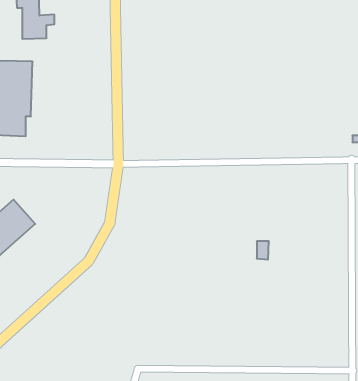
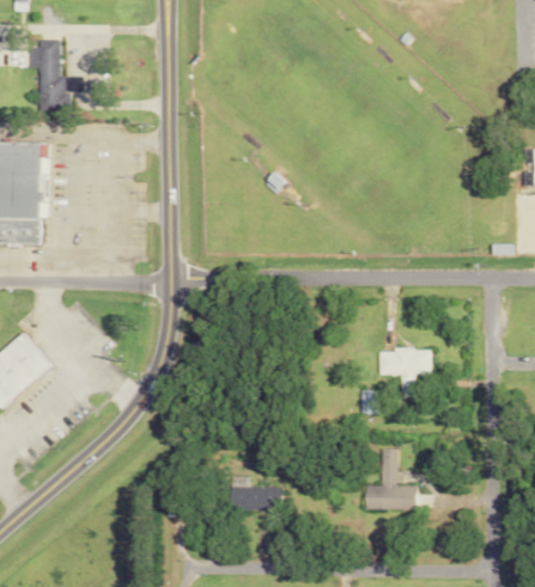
building: none -> [377,347,430,398]
building: none -> [363,448,417,509]
building: none -> [229,476,280,509]

